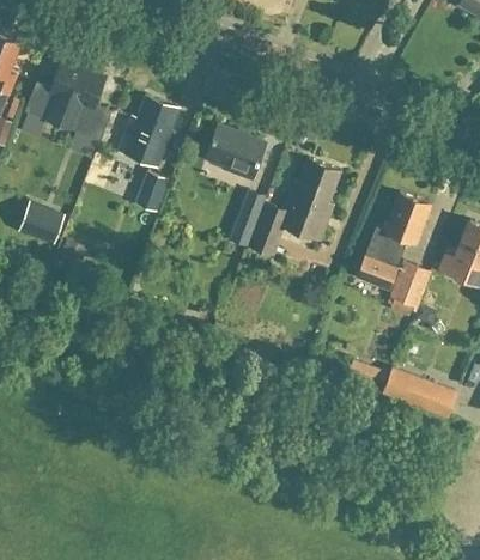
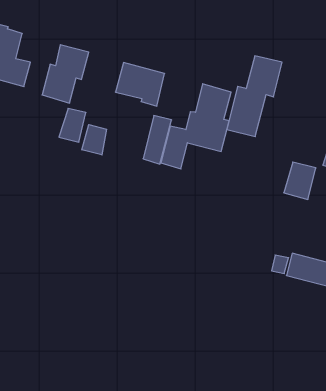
building: none -> [82,125,106,155]
building: [358,195,431,290] -> [227,56,282,137]

